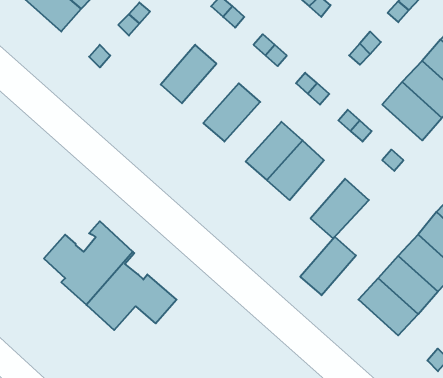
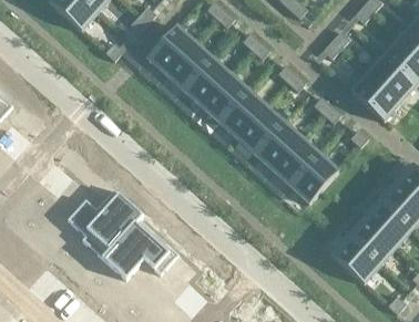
building: none -> [146,24,194,74]
building: none -> [183,56,231,106]
building: none -> [218,89,266,138]
building: [300,237,356,295] -> [273,137,319,186]

